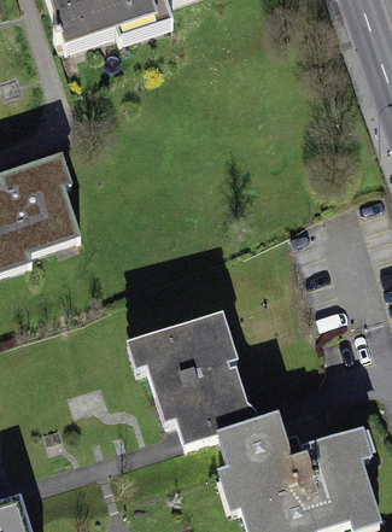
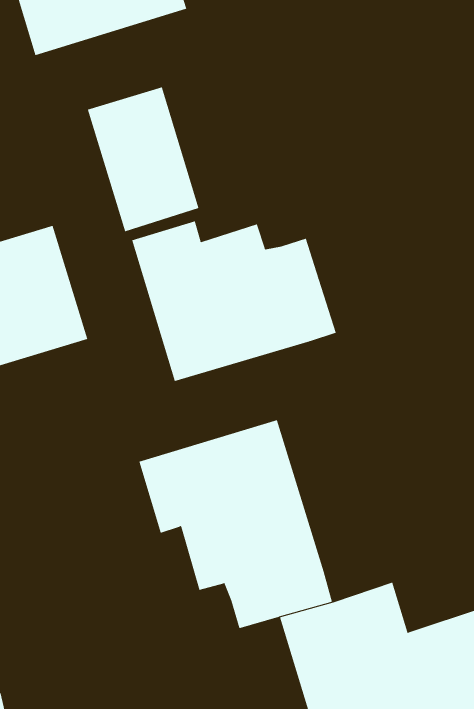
building: none -> [87,87,199,232]
building: none -> [131,220,336,382]

